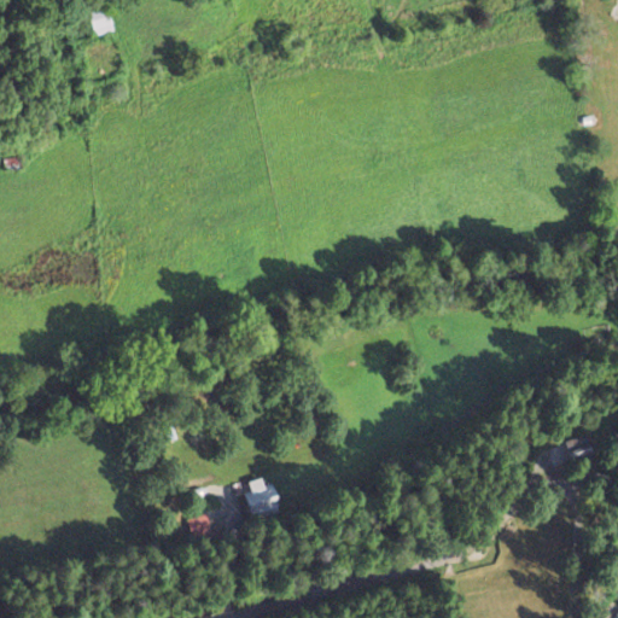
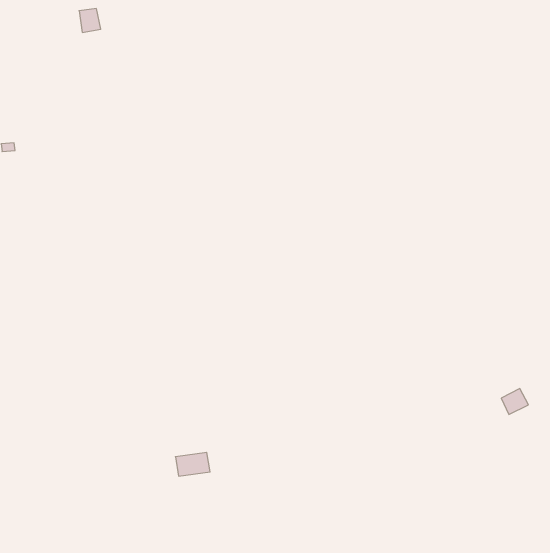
building: [244,479,279,513] -> none

